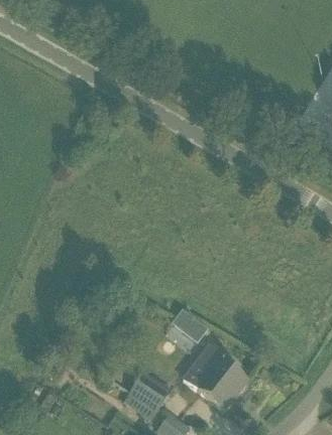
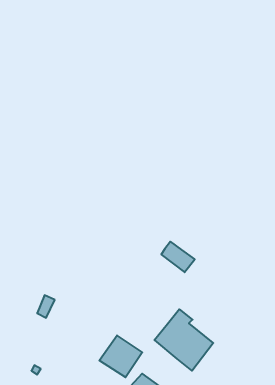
building: [172,309,208,342] -> [161,242,195,272]

